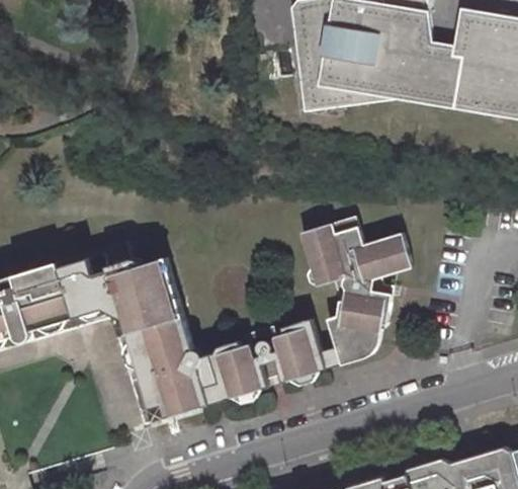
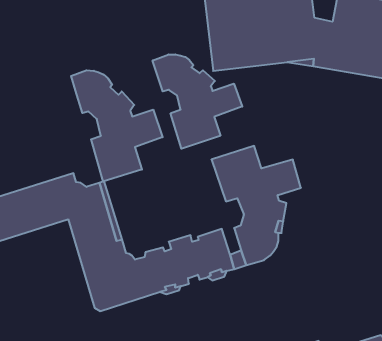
building: none -> [153,54,242,149]
building: none -> [71,70,163,182]

